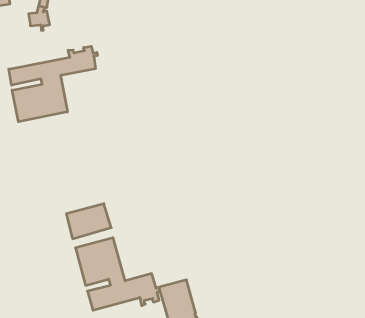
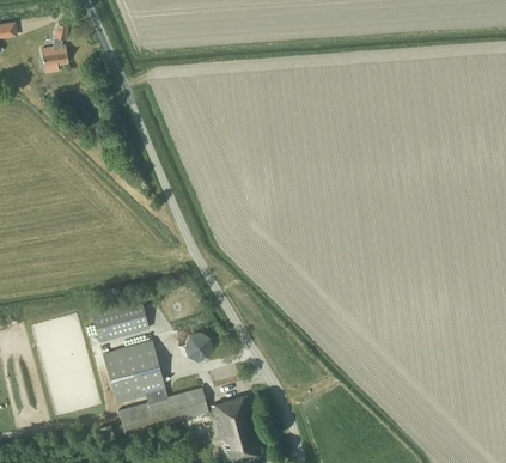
building: [9,46,97,122] -> none
building: none -> [184,333,211,358]

